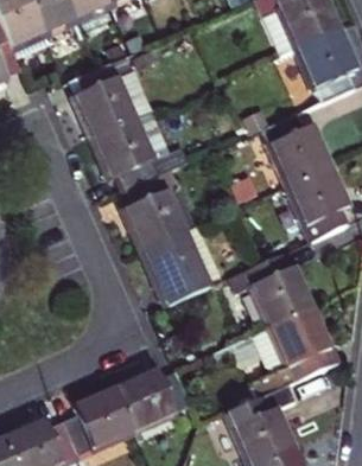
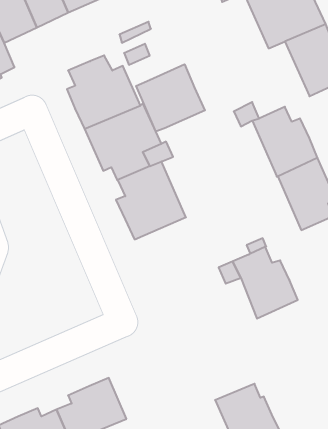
building: none -> [136,64,205,132]
building: [142,226,220,301] -> none
building: [252,311,329,398] -> none
building: [116,371,190,432] -> none

